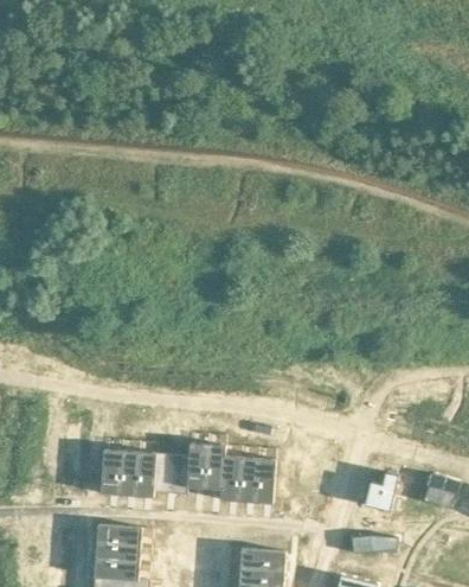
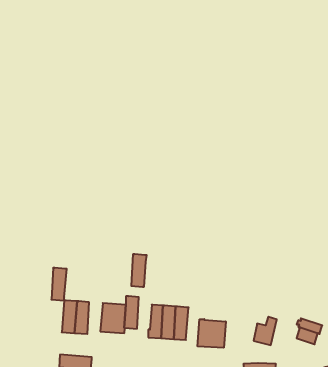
building: [201,445,223,490] -> [131,254,147,287]
building: [133,452,154,497] -> [51,268,67,300]
building: none -> [198,319,226,348]

